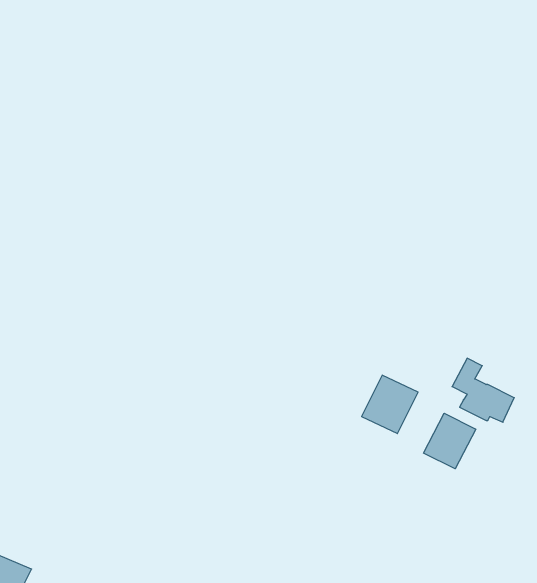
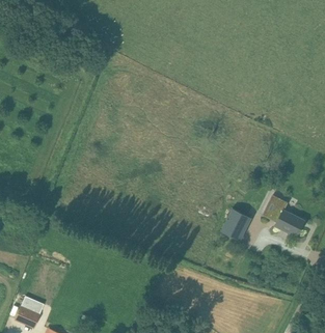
building: [424,413,476,469] -> none

